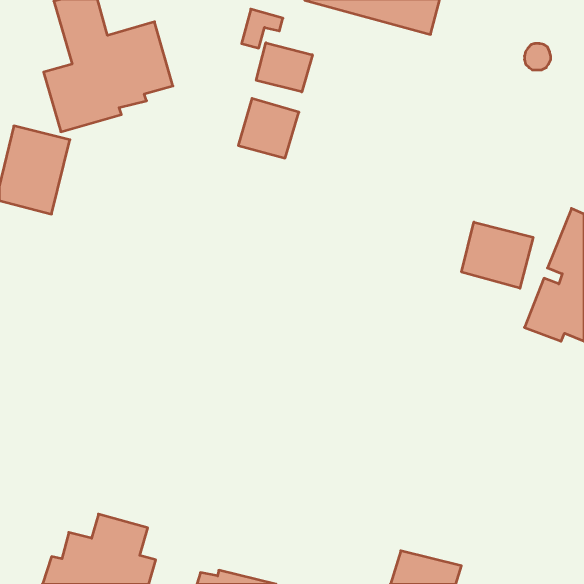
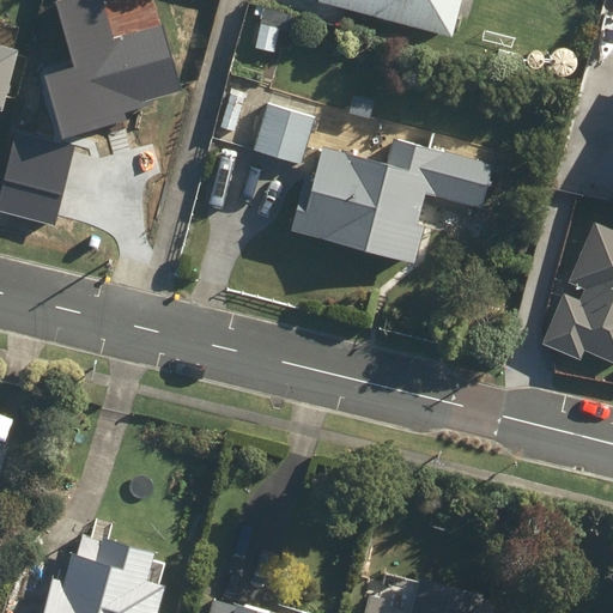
building: [256,43,312,92] -> none
building: none -> [287,139,488,263]
building: [462,222,533,288] -> none

